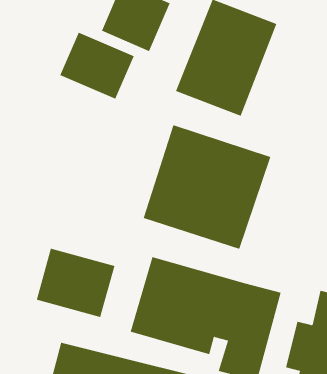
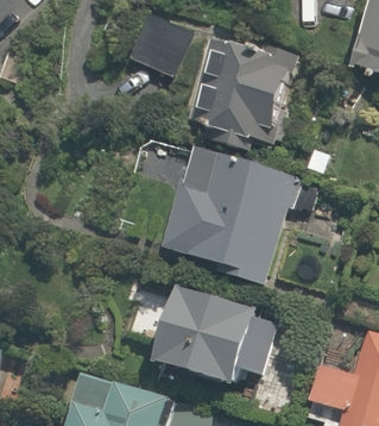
building: [60,32,134,100] -> none
building: [36,248,115,318] -> none

